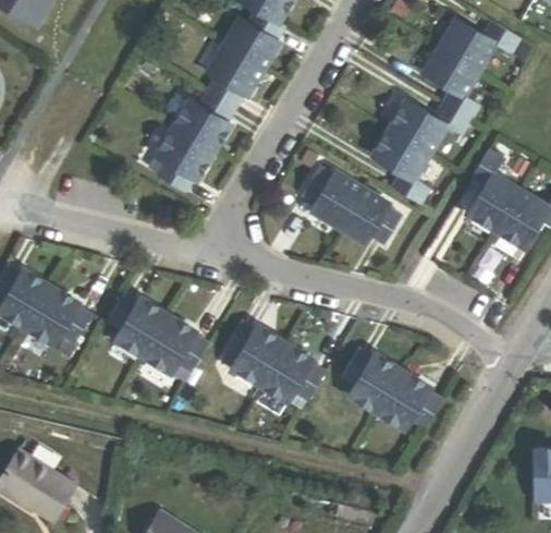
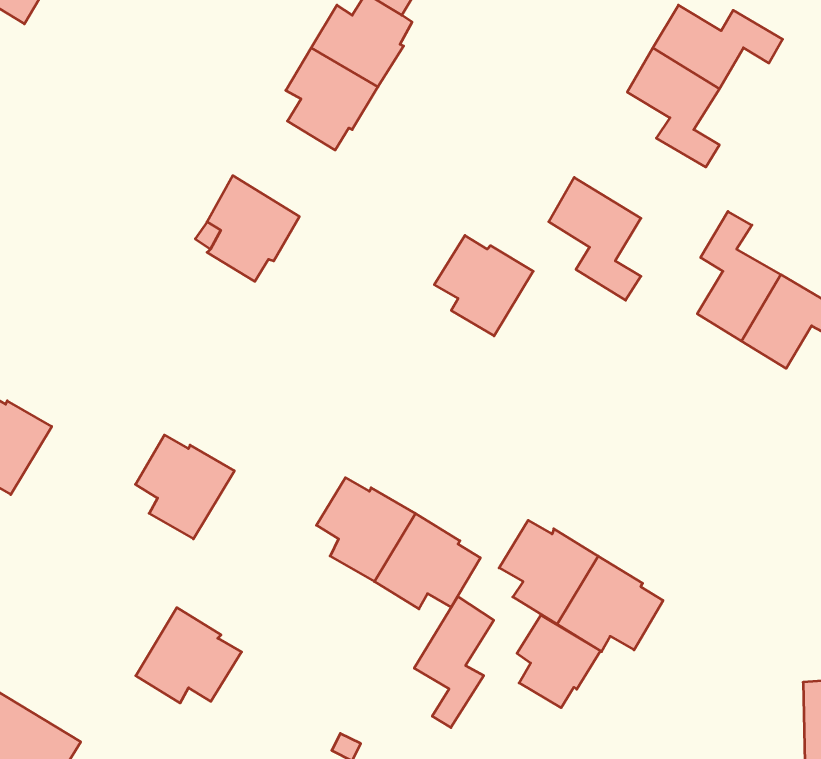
building: [170,92,235,153] -> none
building: [388,99,472,154] -> none
building: [336,187,402,246] -> none
building: [28,287,96,348] -> none
building: [145,315,212,376] -> [136,608,242,703]
building: none -> [414,597,494,728]
building: none -> [517,615,601,708]

